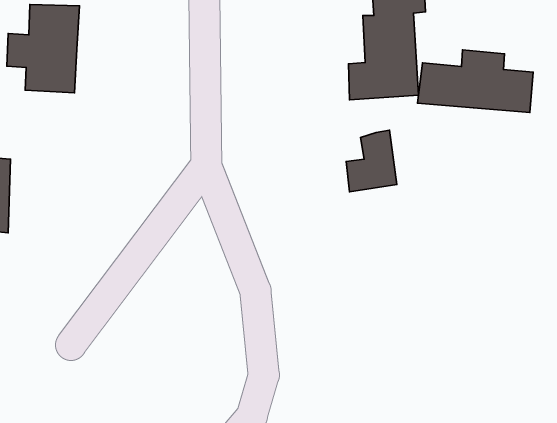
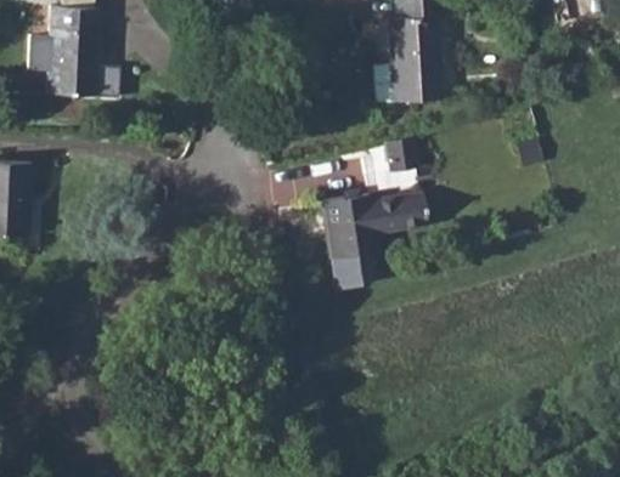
building: [417,50,533,113] -> none
building: none -> [322,195,413,276]

